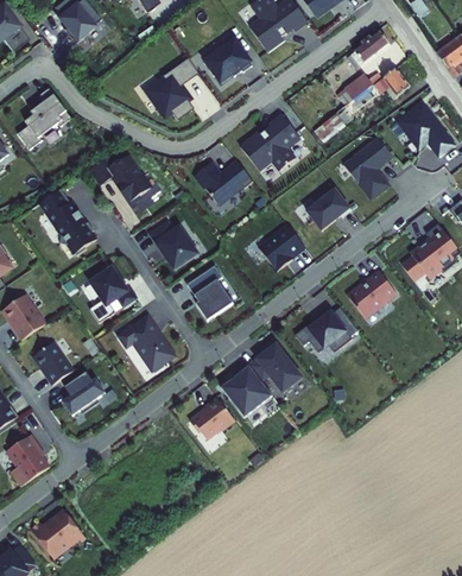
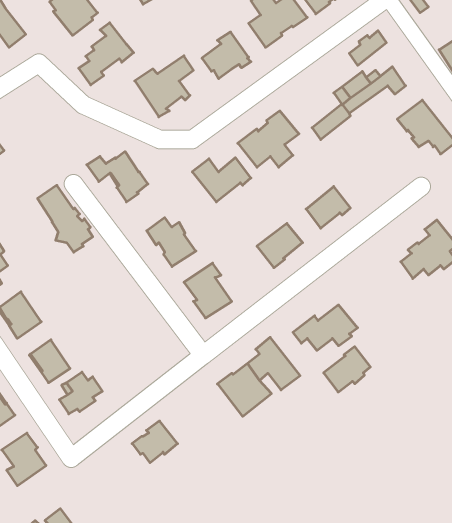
building: [18,87,72,148] -> [79,23,134,85]
building: [343,137,392,198] -> none
building: [90,267,137,306] -> none
building: [348,270,394,315] -> [324,347,370,392]
building: [119,315,175,369] -> none
building: [190,397,235,438] -> [132,421,178,463]

